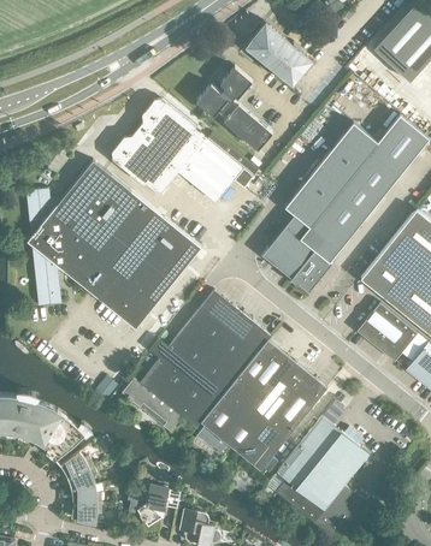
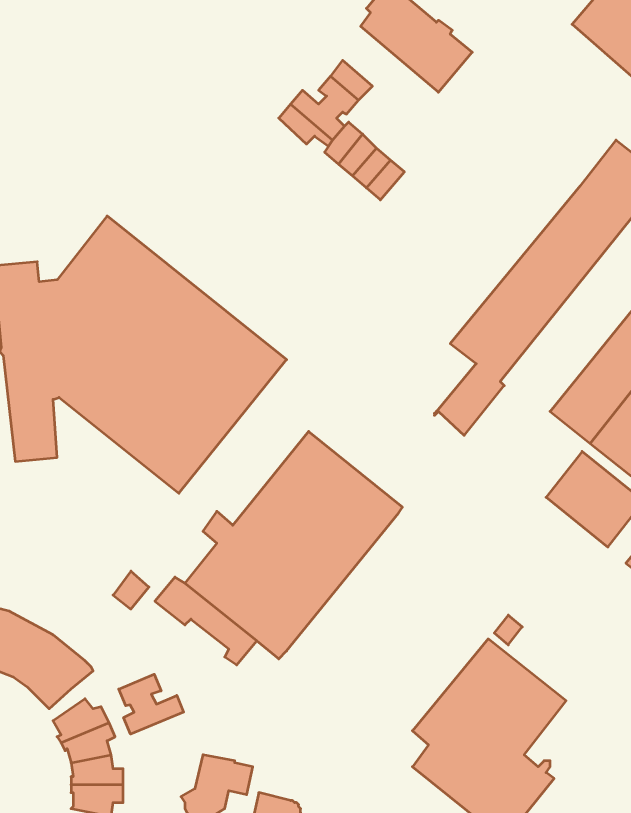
building: [114,102,258,203] -> none
building: [262,123,378,279] -> none
building: [195,340,327,470] -> none
building: none -> [119,674,184,734]

